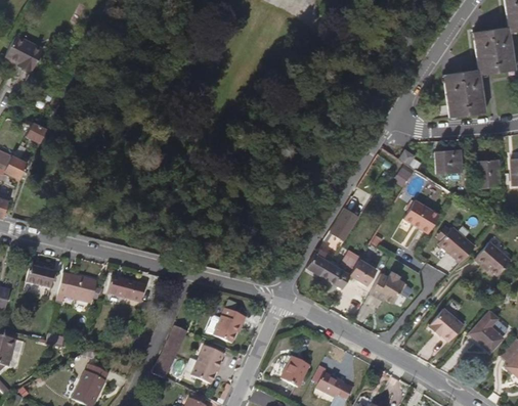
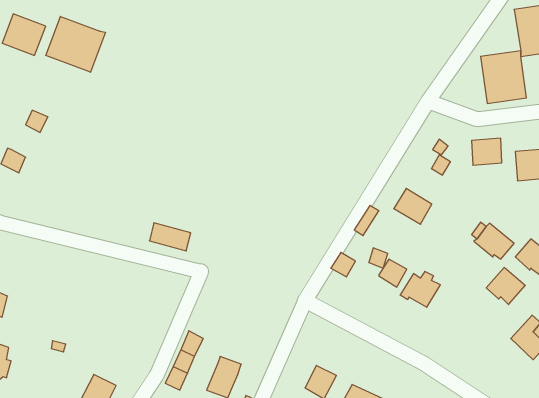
building: none -> [46,16,105,72]
building: [402,199,437,232] -> [394,188,432,224]
building: [319,261,349,287] -> none
building: [26,265,55,289] -> none
building: [56,274,97,304] -> none
building: [107,277,145,303] -> [149,223,191,251]
building: [428,307,464,341] -> [486,268,525,305]
building: [212,310,246,346] -> none

